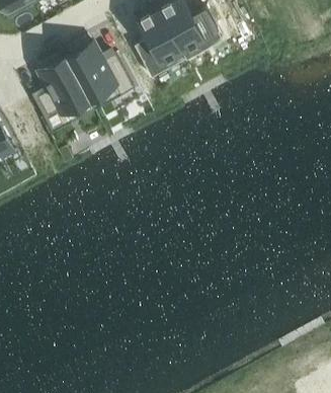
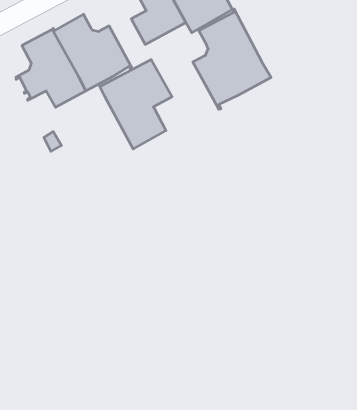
building: none -> [193,9,271,109]
building: none -> [100,60,172,149]

